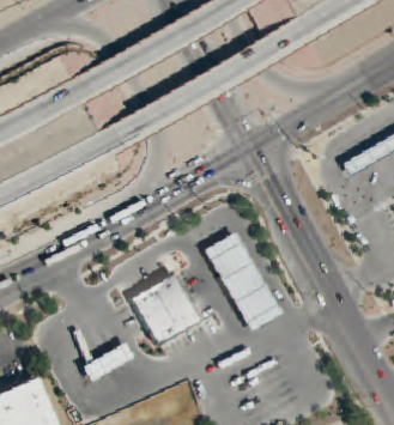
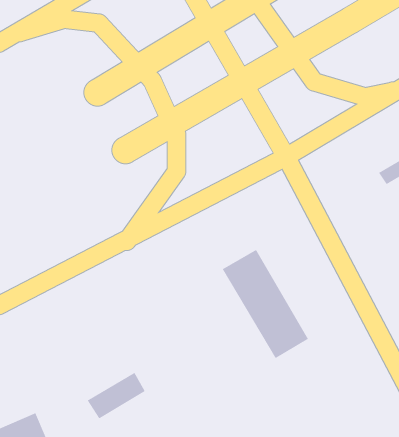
building: [129,273,199,346] -> none

